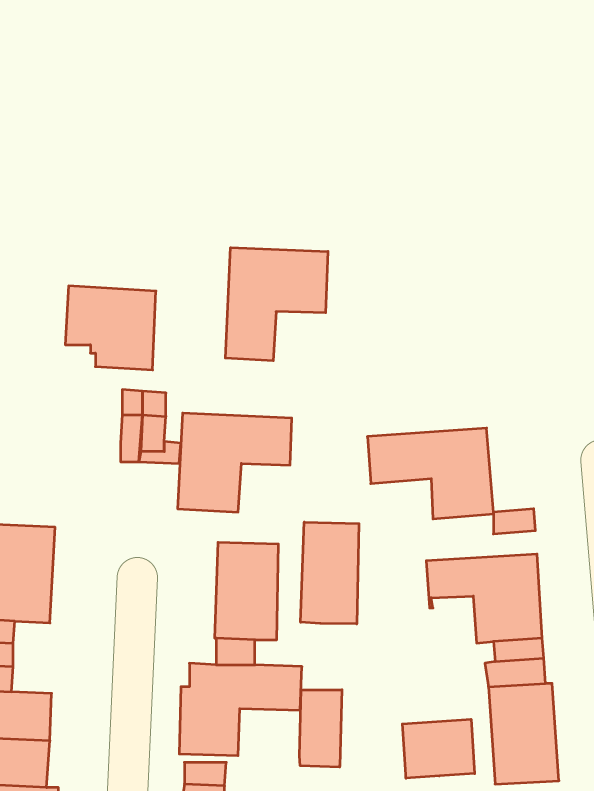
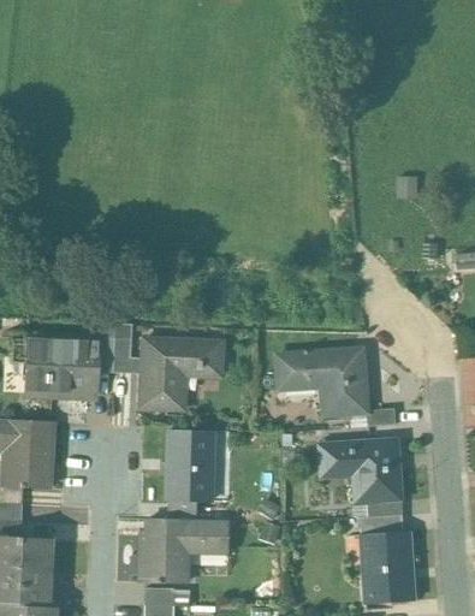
building: [225,248,328,361] -> none
building: [65,286,156,370] -> [28,337,93,397]
building: [301,522,359,624] -> none
building: [299,690,342,767] -> none
building: [402,719,475,778] -> none

